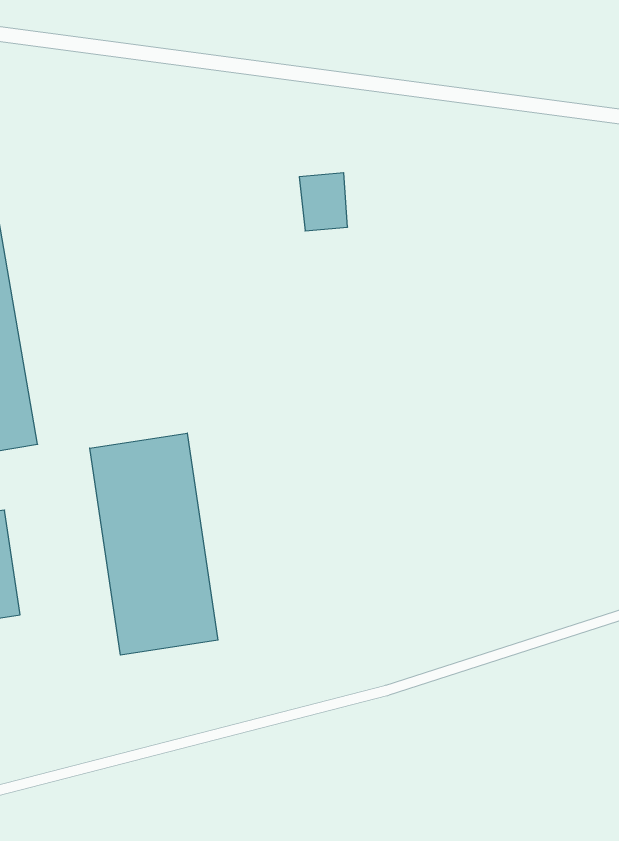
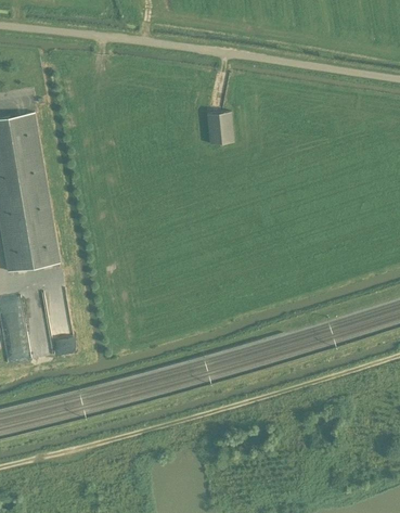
building: [90,433,218,655] -> none

